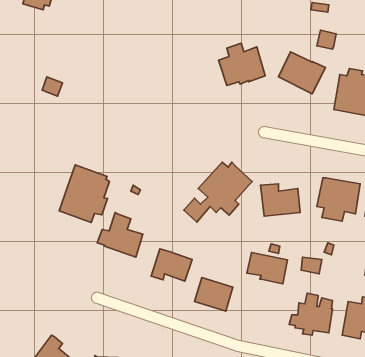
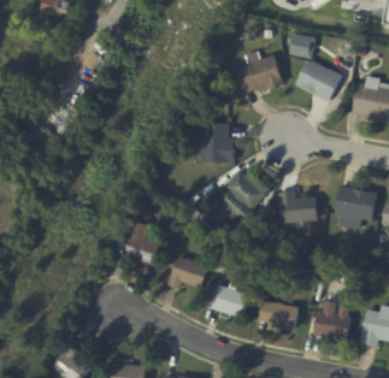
building: none -> [284,33,314,59]
building: none -> [199,123,234,161]
building: [59,165,110,222] -> none
building: [247,253,287,284] -> [257,301,297,332]

